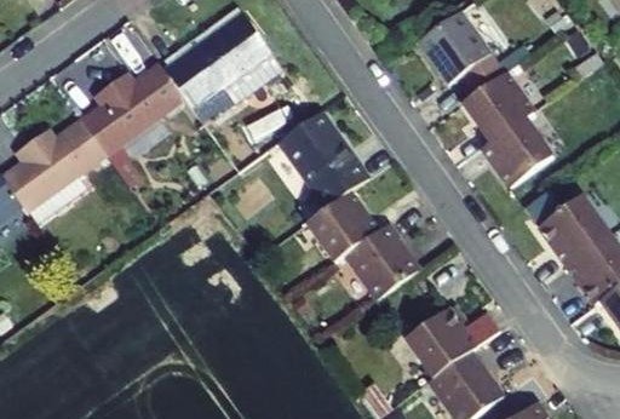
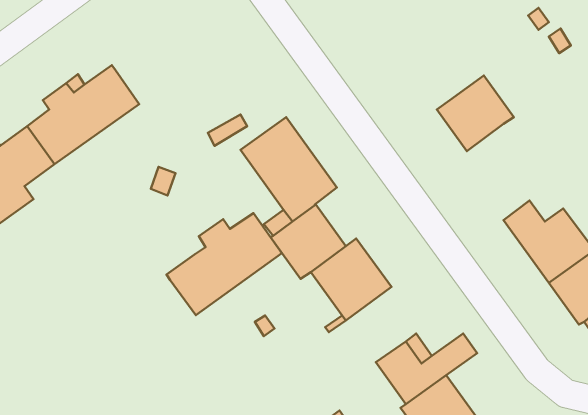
building: [418,10,505,94] -> none
building: [162,11,282,124] -> none
building: [481,116,552,186] -> none
building: none -> [166,213,282,315]

